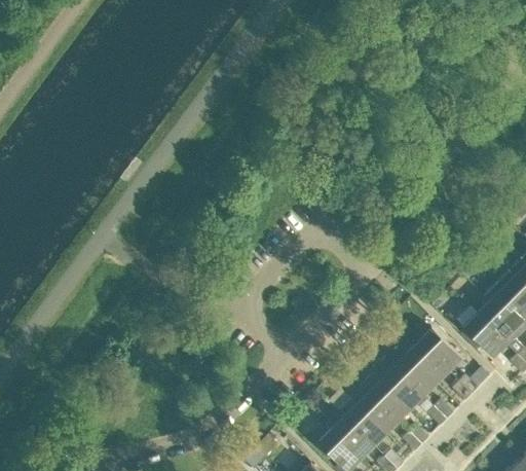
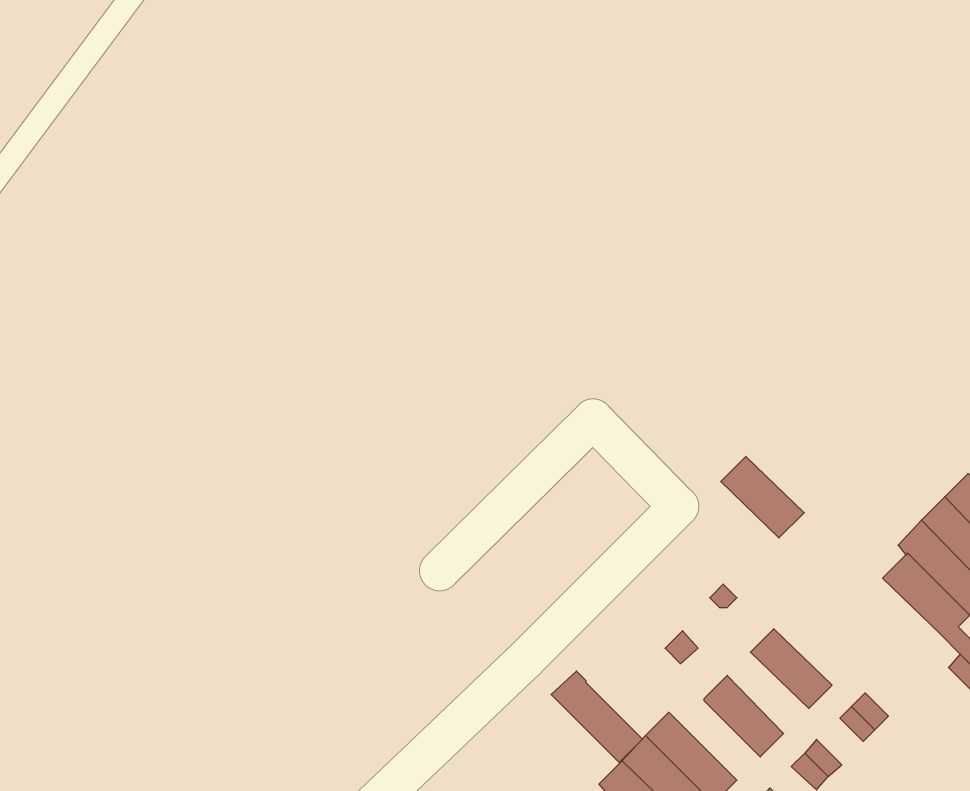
building: [463,316,506,359] -> none
building: [418,329,462,372] -> [721,456,804,538]
building: [393,355,437,398] -> none
building: [363,374,411,423] -> [551,671,642,762]

